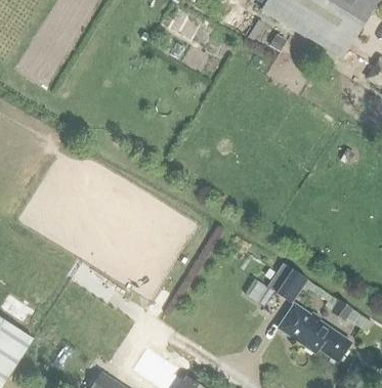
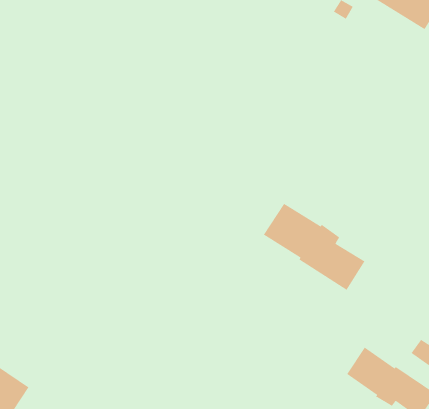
building: none -> [263,203,366,291]
building: [266,266,306,305] -> none

